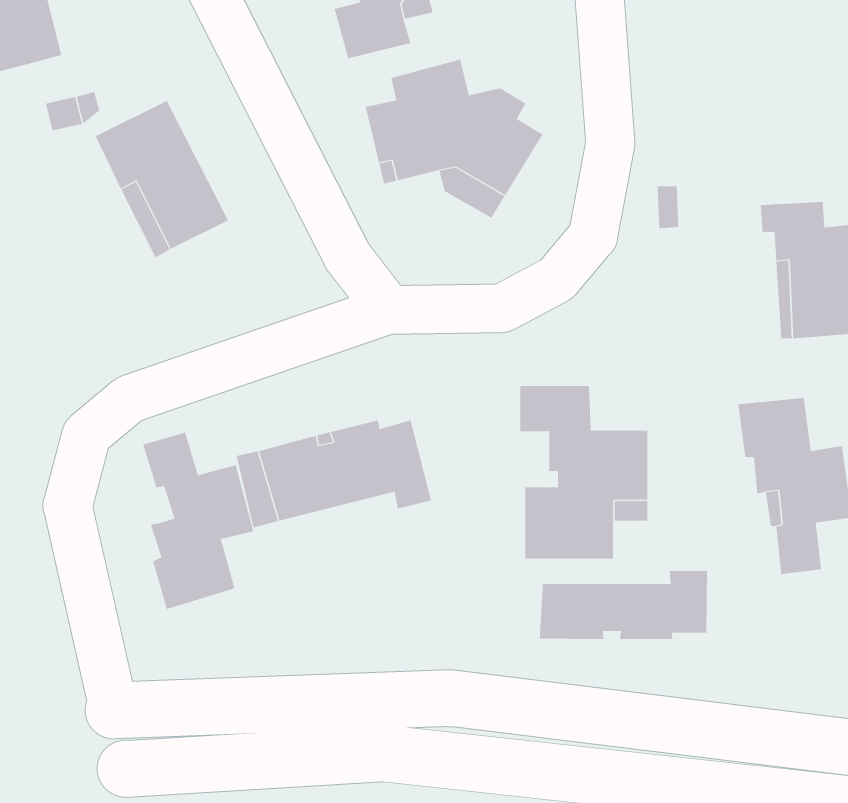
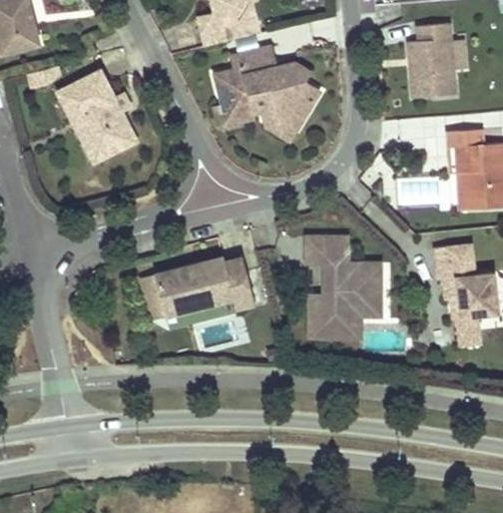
building: none -> [407,23,456,97]
building: [143,432,254,610] -> none
building: [539,570,707,640] -> none

